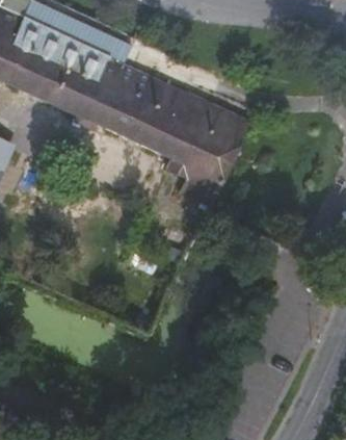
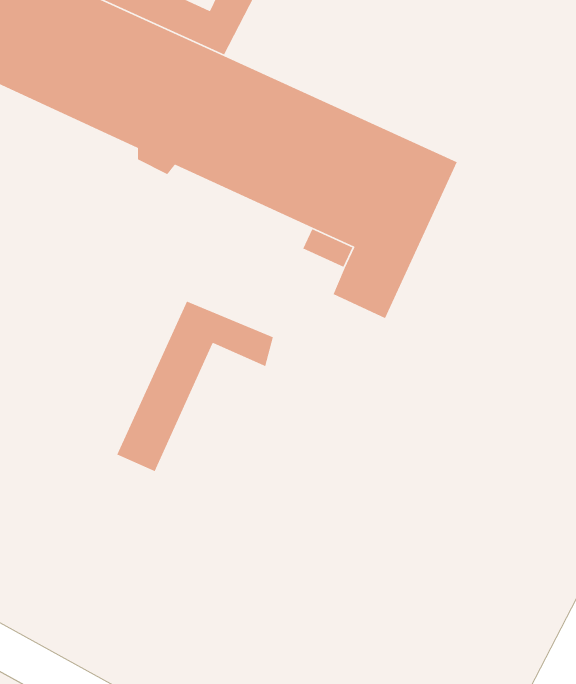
building: none -> [116,301,274,472]

